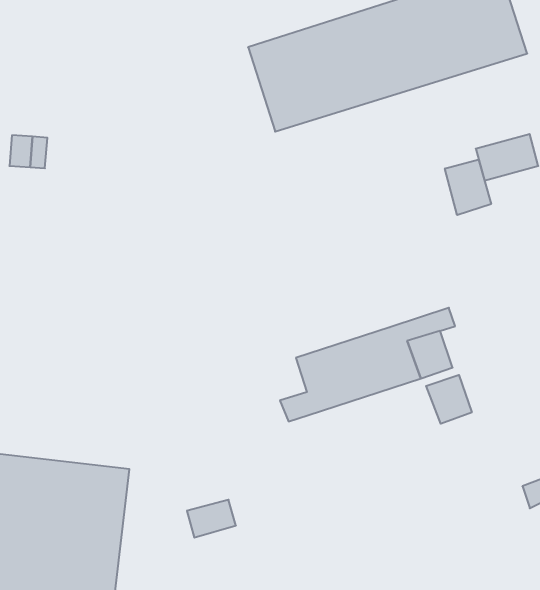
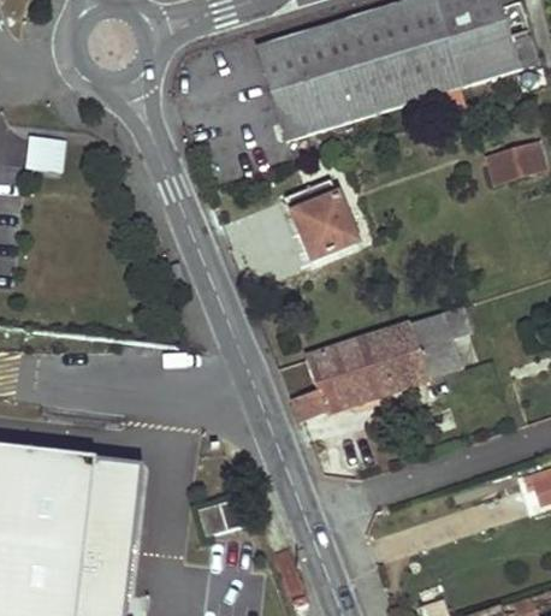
building: [445,159,491,215] -> none
building: none -> [284,178,357,259]
building: [426,375,472,424] -> none

